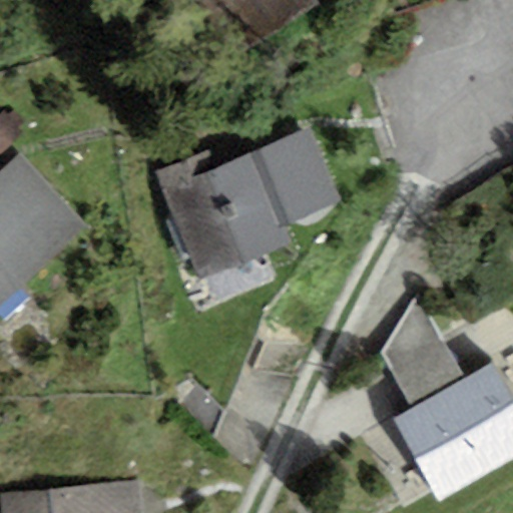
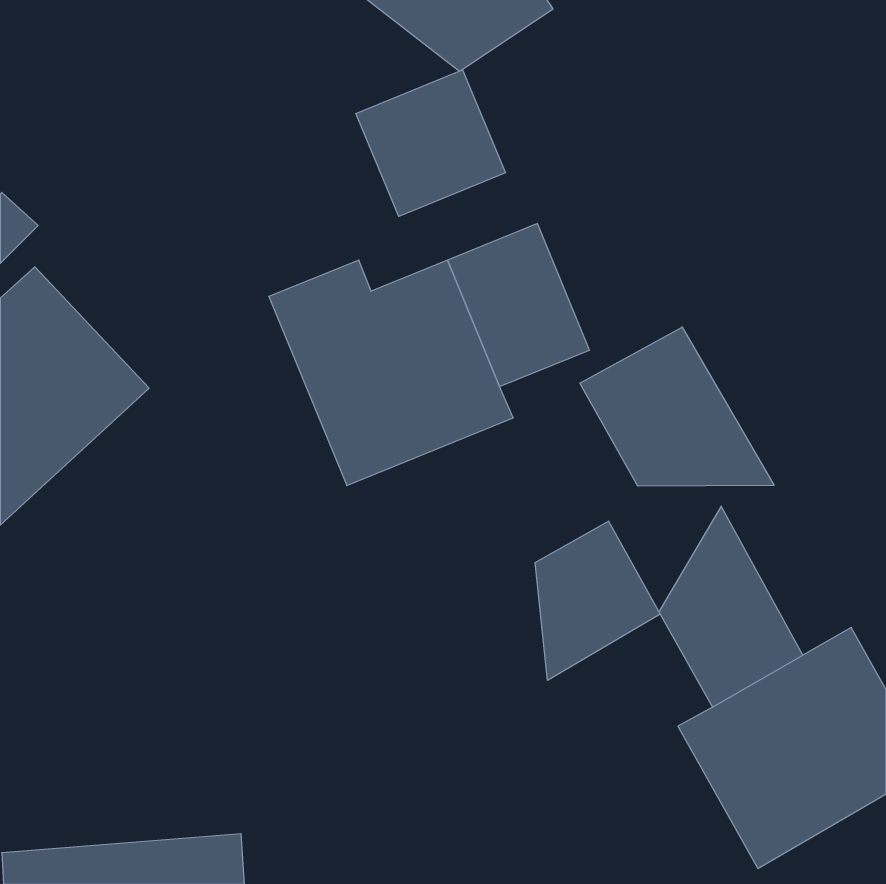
building: none -> [356,70,505,216]
building: none -> [580,327,774,486]
building: none -> [535,521,660,680]

